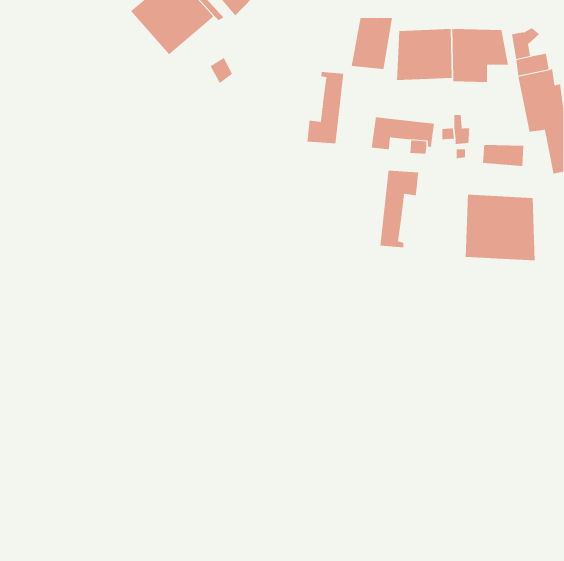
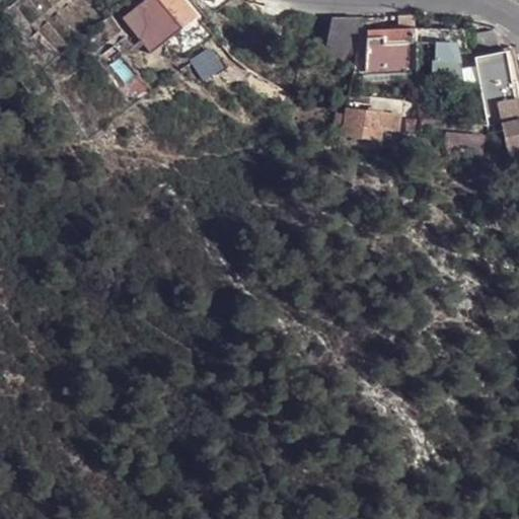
building: [307,71,344,144] -> none
building: [380,170,419,248] -> none
building: [465,194,535,261] -> none

